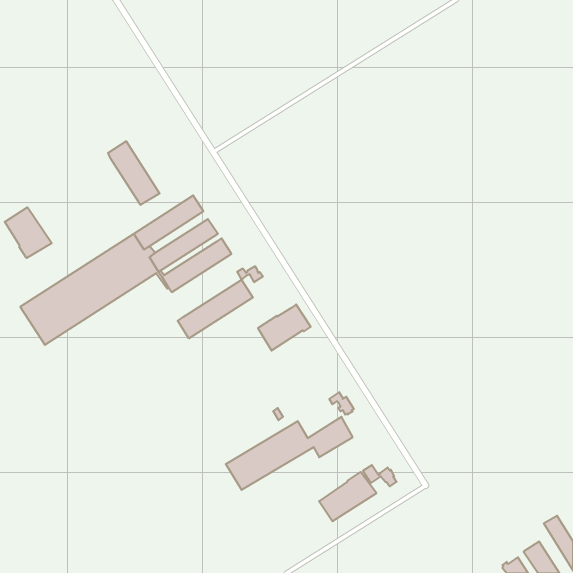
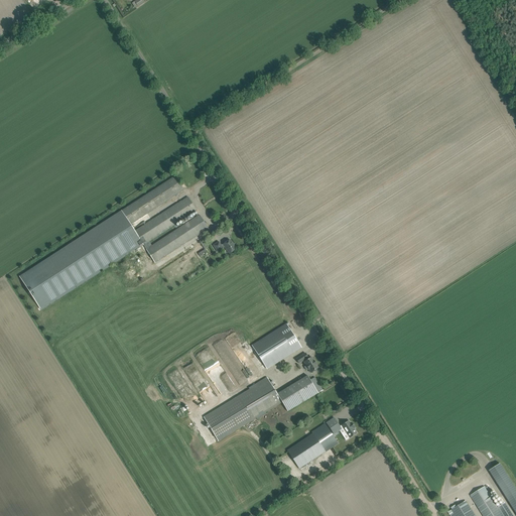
building: [108,141,160,205] -> none
building: [5,207,52,258] -> none
building: [178,280,253,338] -> none
building: [258,304,311,351] -> [252,325,299,366]

